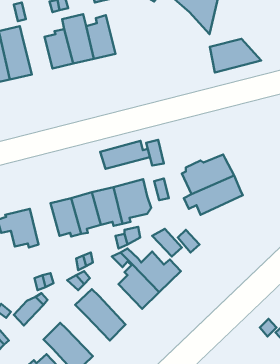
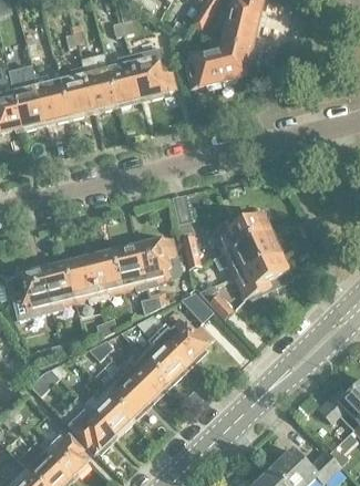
building: none -> [130,45,175,96]
building: none -> [37,76,70,120]
building: [210,39,261,72] -> [188,50,246,87]
building: [100,141,150,169] -> none
building: none -> [236,255,295,298]
building: none -> [44,263,78,310]
building: none -> [122,354,171,400]
building: none -> [85,390,134,435]

